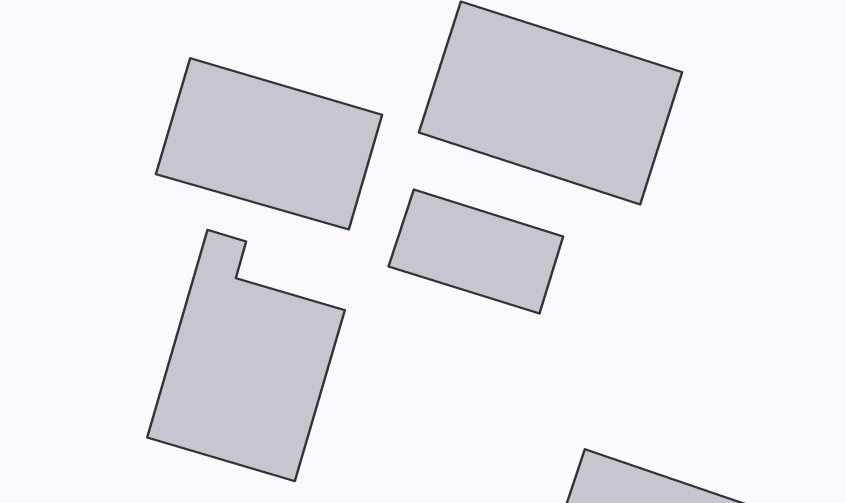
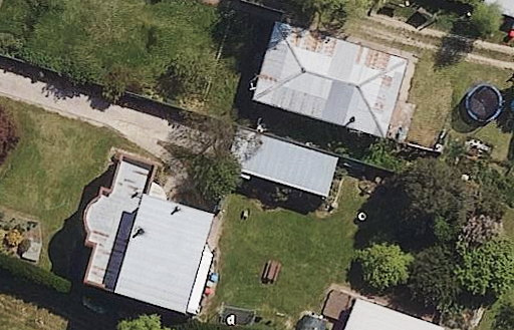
building: [156,58,382,229] -> none

